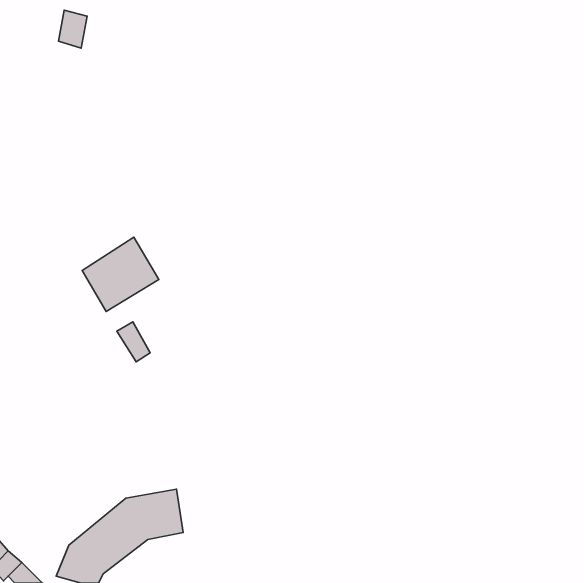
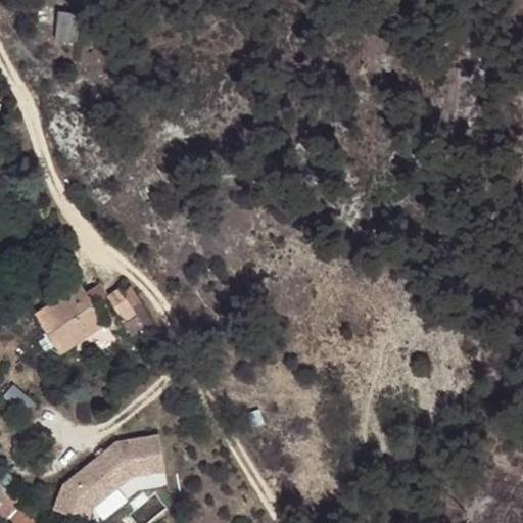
building: [82,237,159,312] -> [35,284,103,350]

